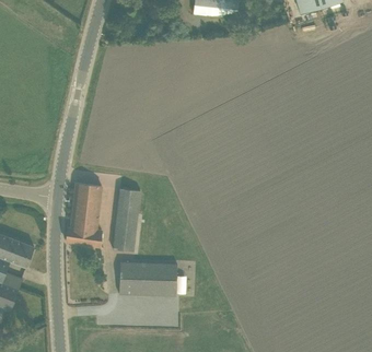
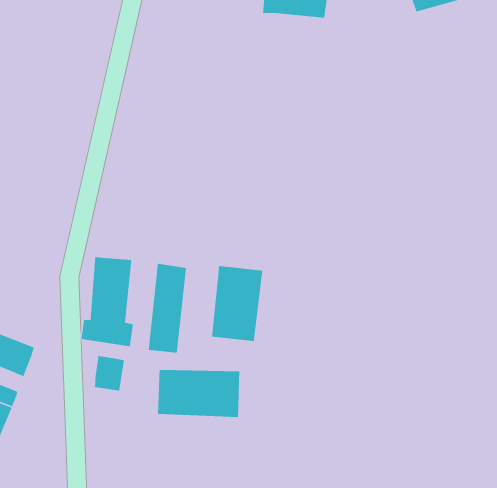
building: none -> [211,265,263,342]
building: none -> [94,355,125,392]

